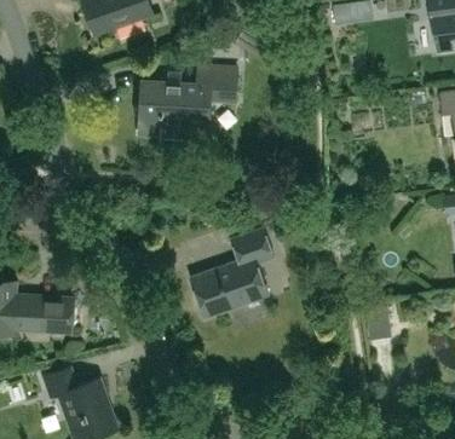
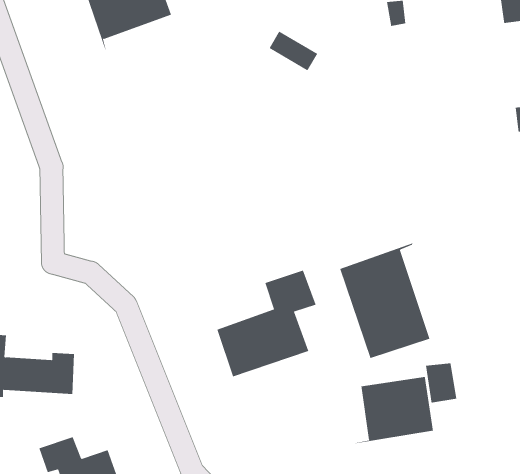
building: [139,68,237,138] -> none
building: none -> [340,243,430,359]
building: none -> [354,376,434,444]

